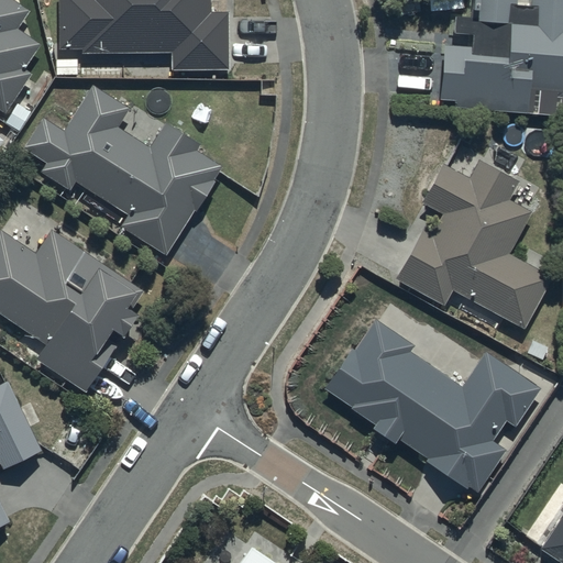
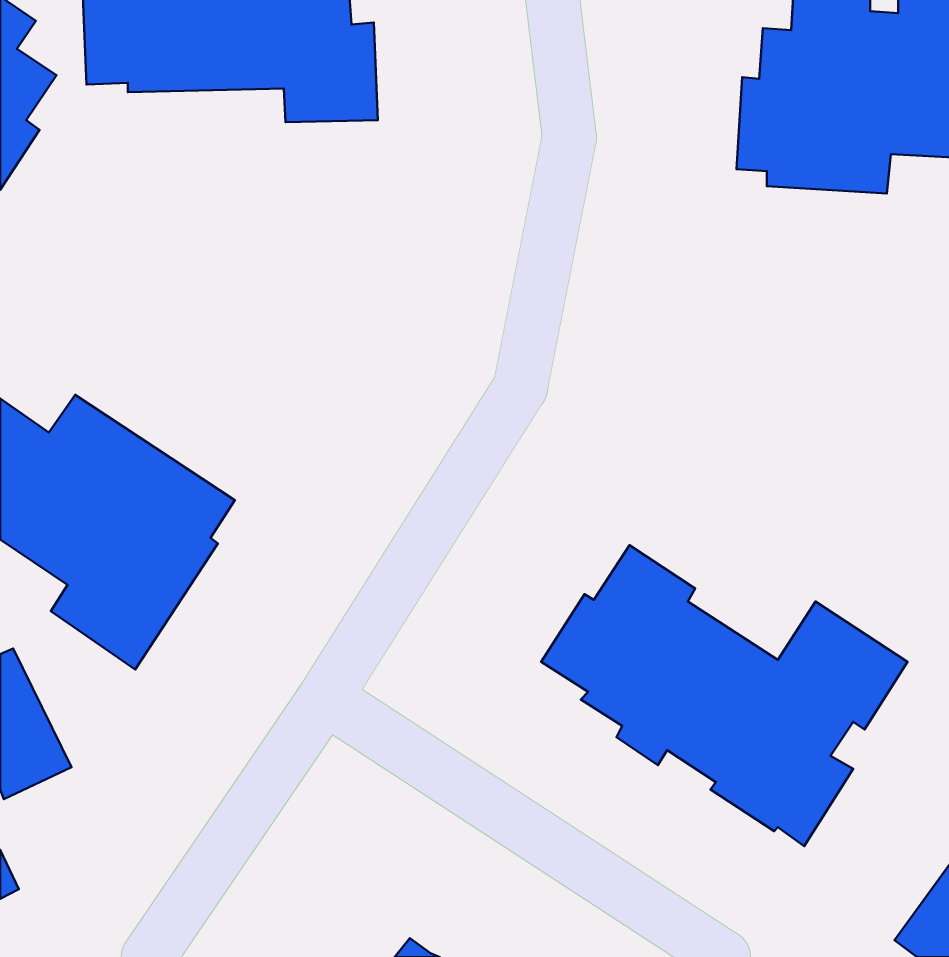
building: [22,88,222,255] -> none
building: [393,159,553,330] -> none

